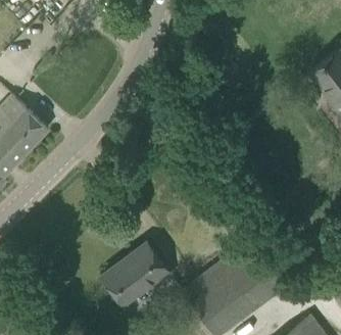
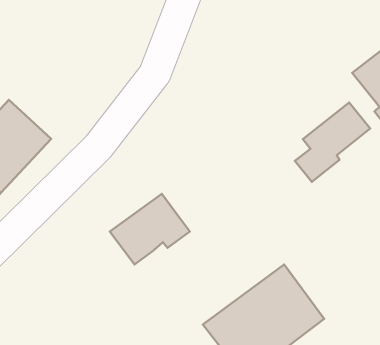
building: none -> [295,103,370,182]
building: [103,243,173,304] -> [110,194,190,264]

